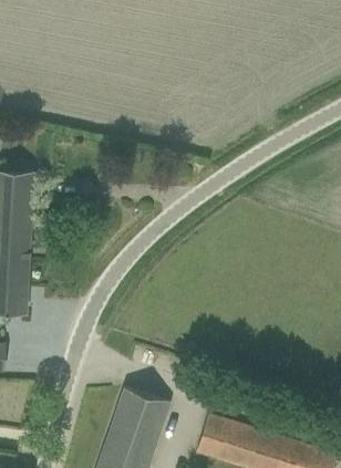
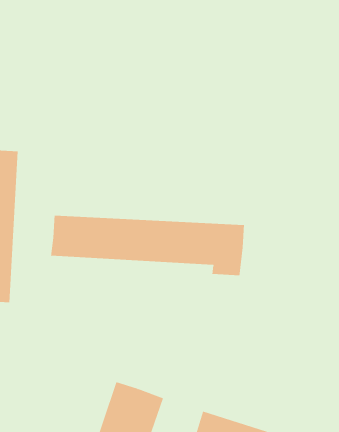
building: none -> [51,215,245,276]

